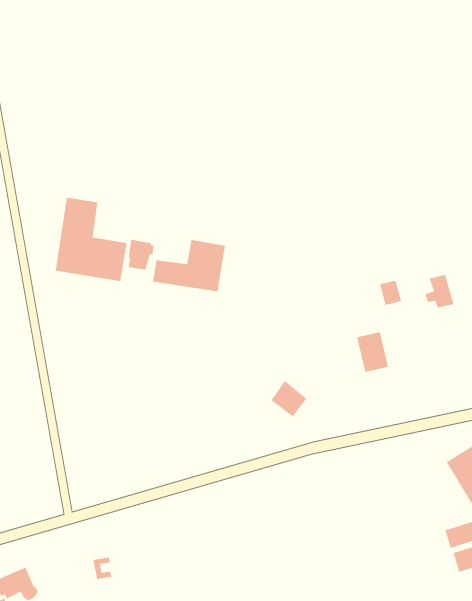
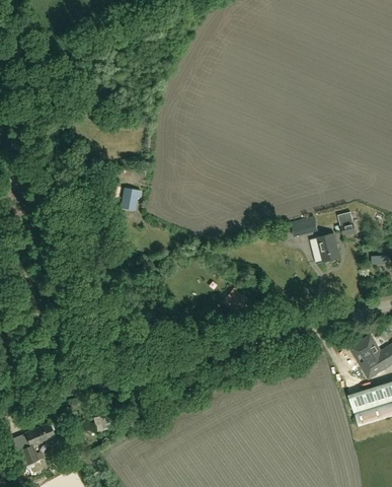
building: [55,197,127,282] -> none
building: [153,239,226,292] -> none
building: [356,331,389,372] -> [315,232,338,262]

